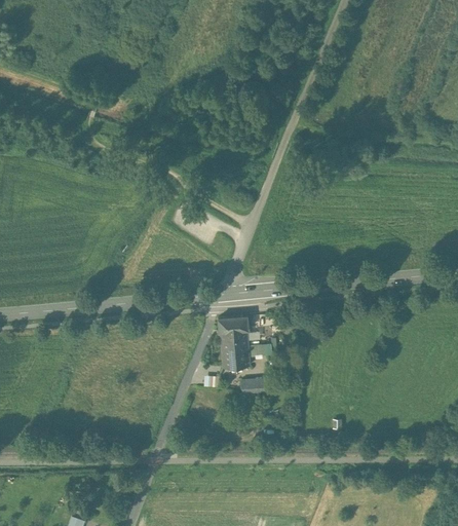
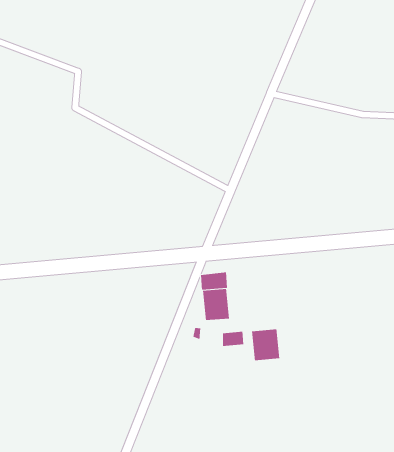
building: none -> [251,329,280,361]

